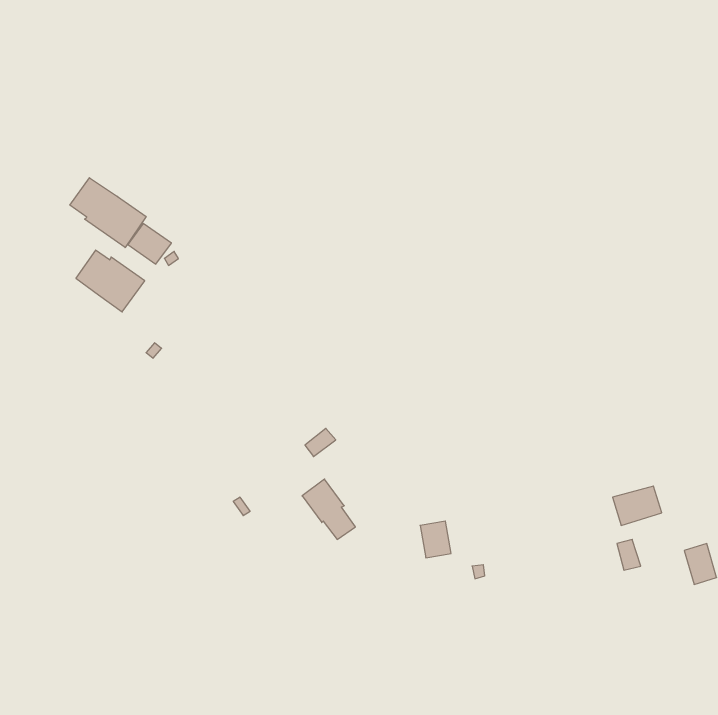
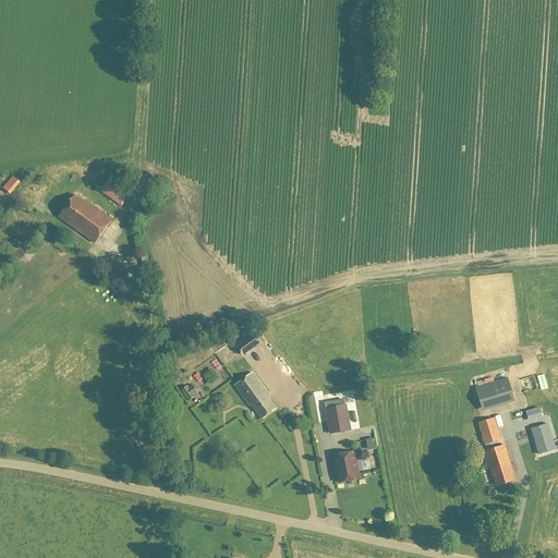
building: [70,178,146,248] -> none
building: none -> [483,444,514,484]
building: none -> [331,451,363,482]

